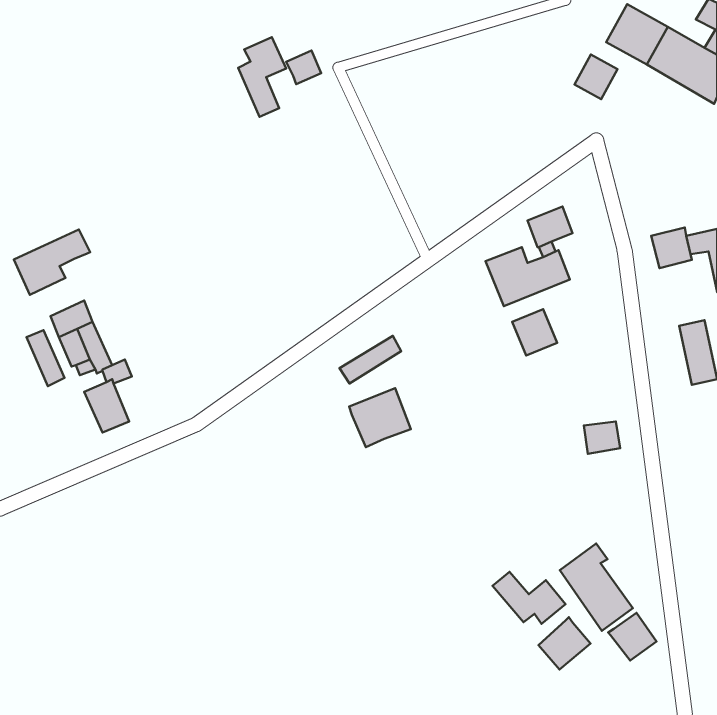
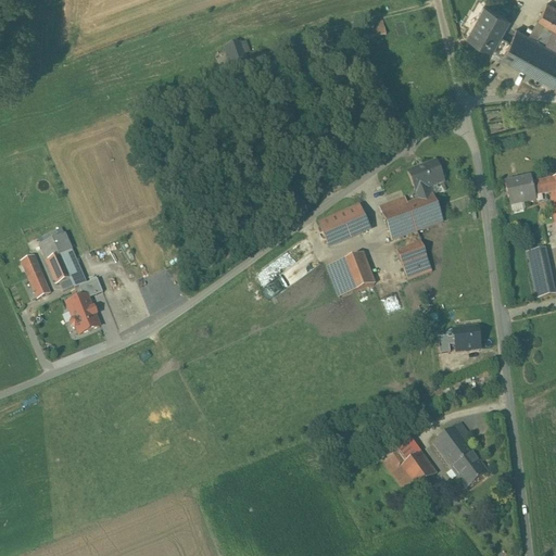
building: [238,37,286,117] -> none
building: [575,55,617,99] -> none
building: [14,230,90,295] -> none
building: none -> [321,200,367,238]
building: [349,388,411,447] -> [326,248,374,293]
building: [608,613,656,661] -> none
building: [539,617,591,669] -> none

